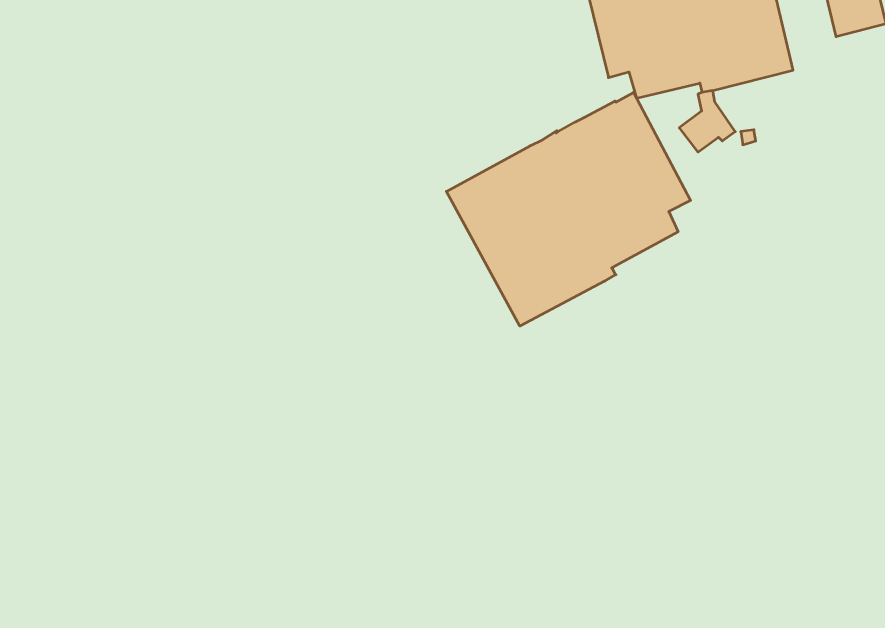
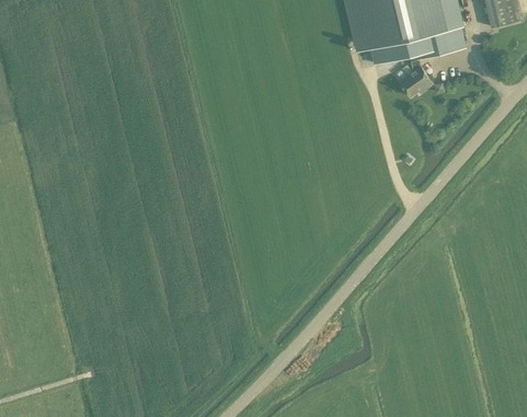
building: [446,92,691,326] -> none

